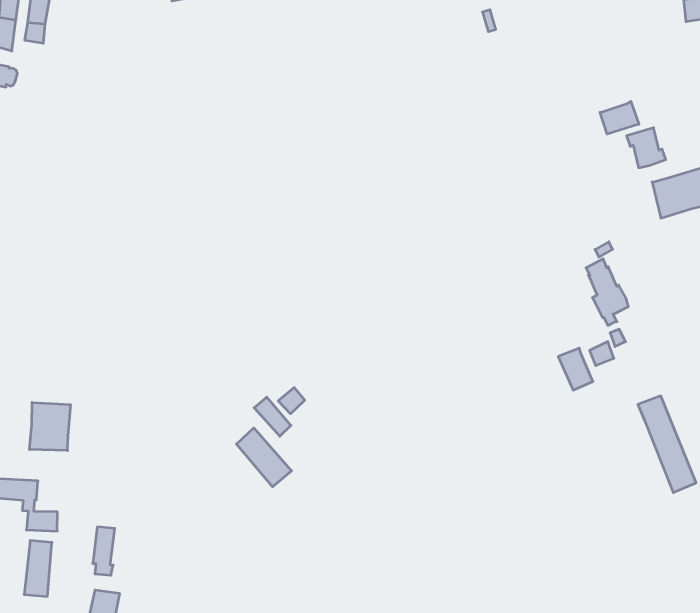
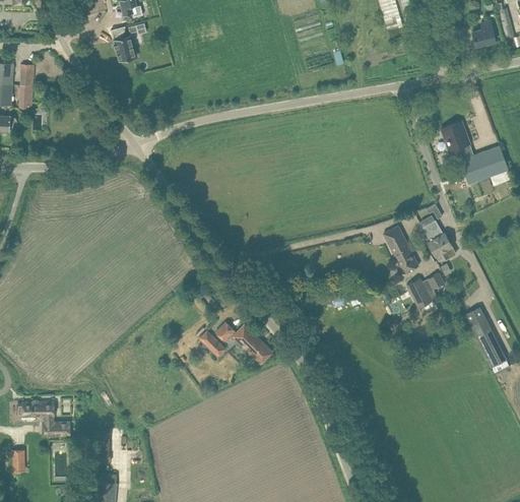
building: [600,101,639,134] -> none
building: none -> [383,226,418,272]
building: [30,402,70,451] -> none
building: [236,428,292,487] -> [233,323,272,363]

